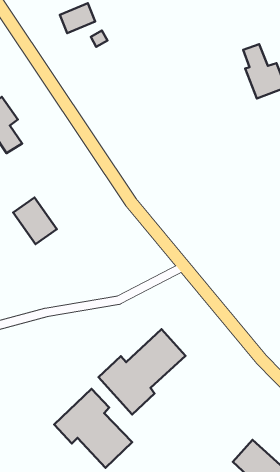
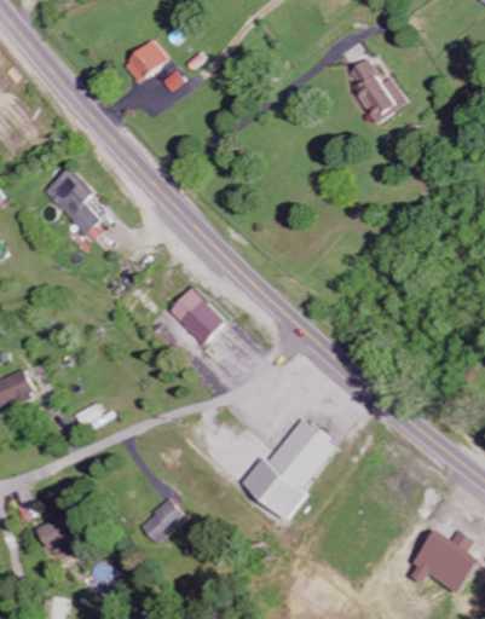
building: [13,198,57,244] -> [169,287,225,342]
building: none -> [137,499,183,543]
building: [54,389,132,468] -> none

